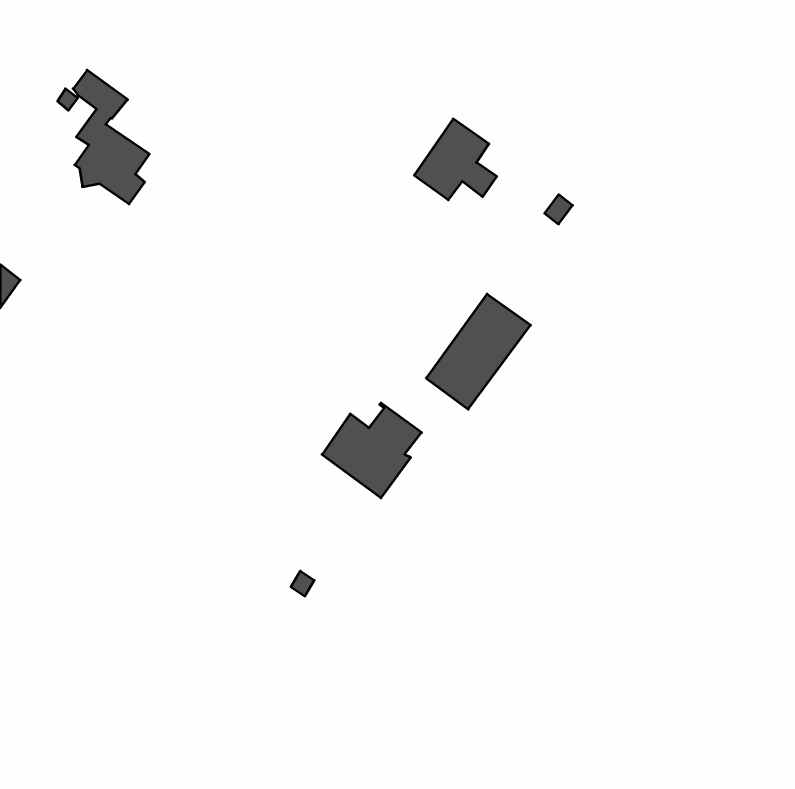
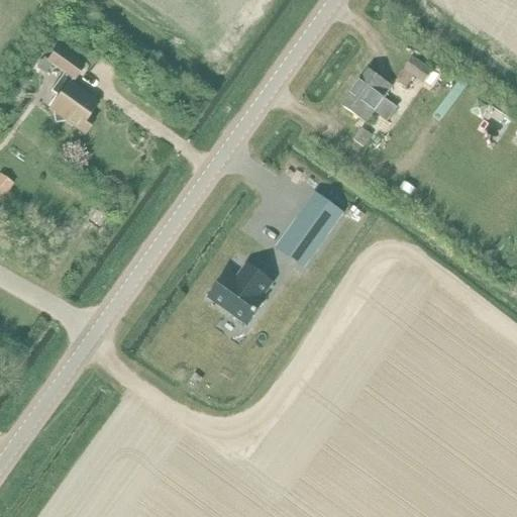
building: none -> [396,56,433,86]
building: [414,119,497,200] -> [342,69,396,121]

